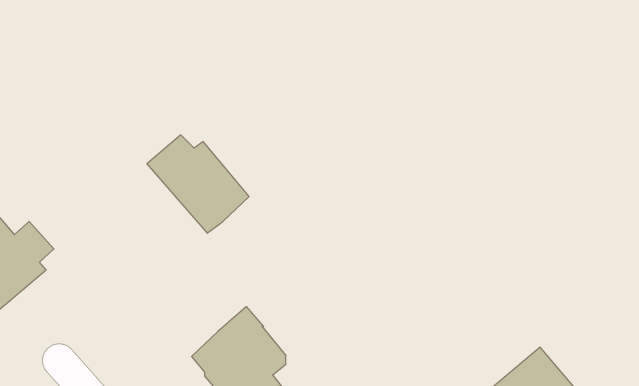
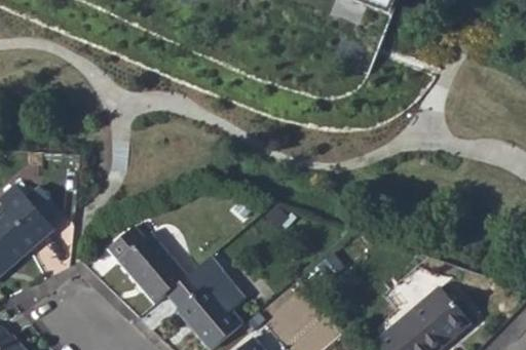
building: [147,135,249,233] -> [108,227,188,304]

